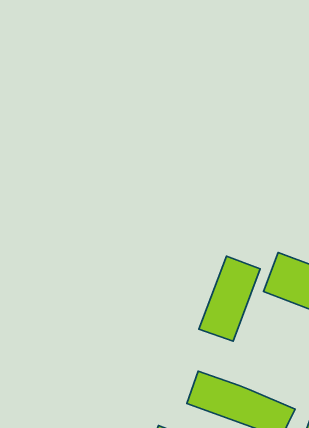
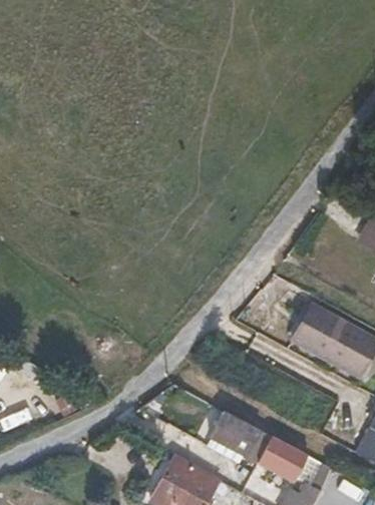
building: [199,256,260,341] -> none

